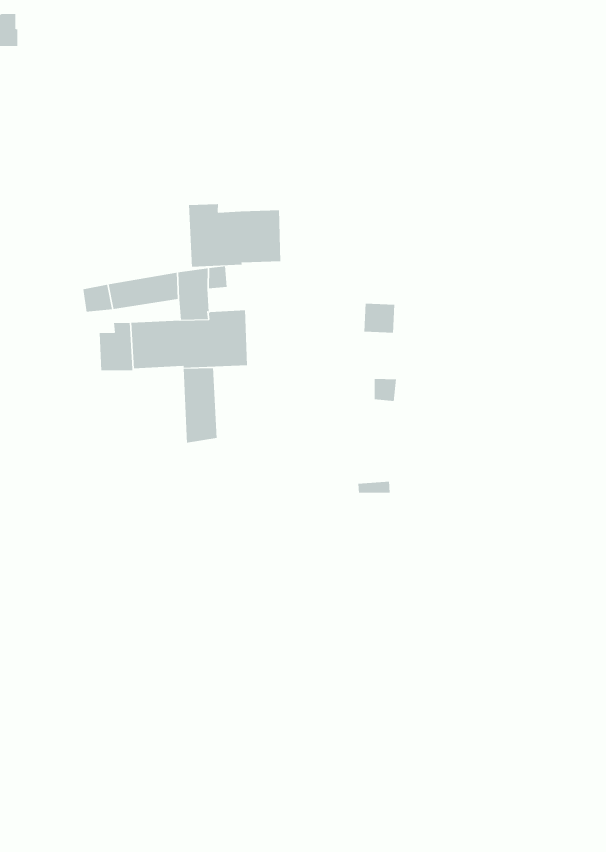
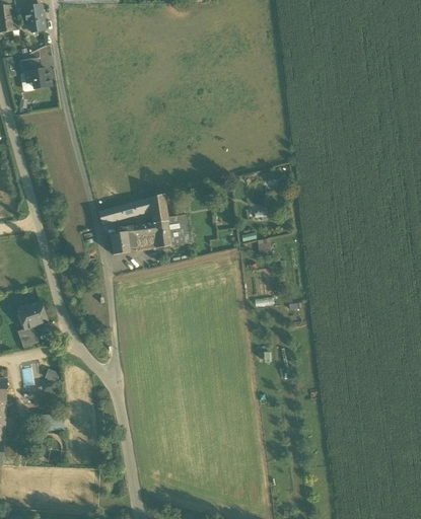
building: [189,203,281,267] -> none
building: [183,368,217,444] -> none

